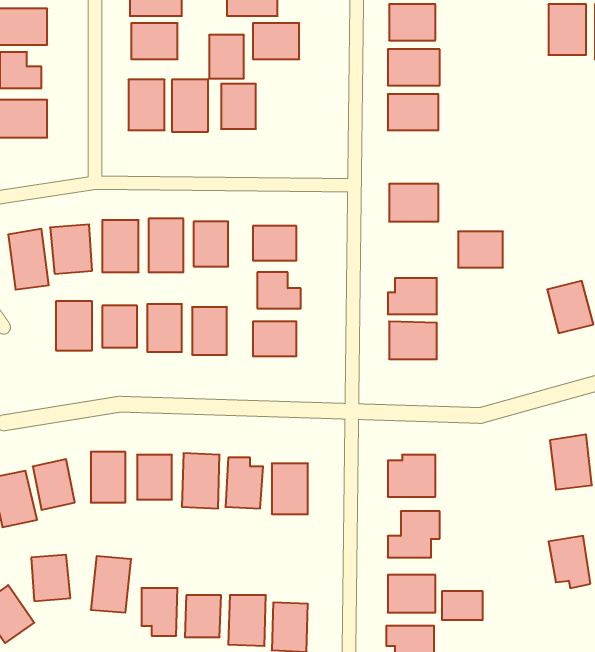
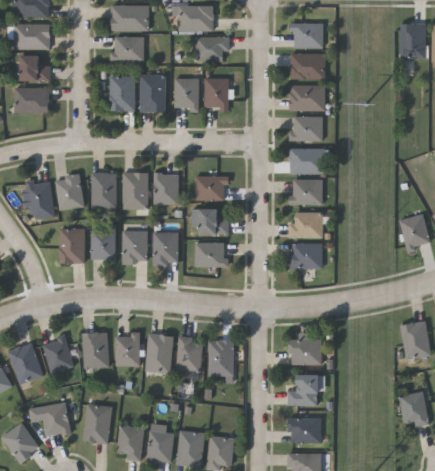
building: [209,35,244,78] -> [203,78,227,108]
building: none -> [291,116,322,141]
building: [458,231,503,268] -> [290,179,321,204]
building: [442,591,482,620] -> none

